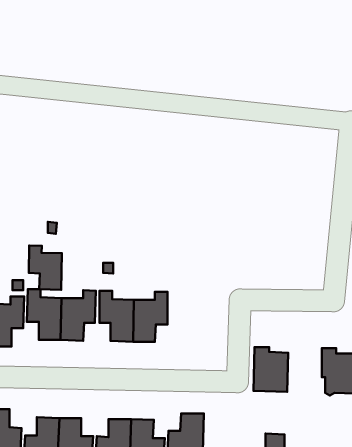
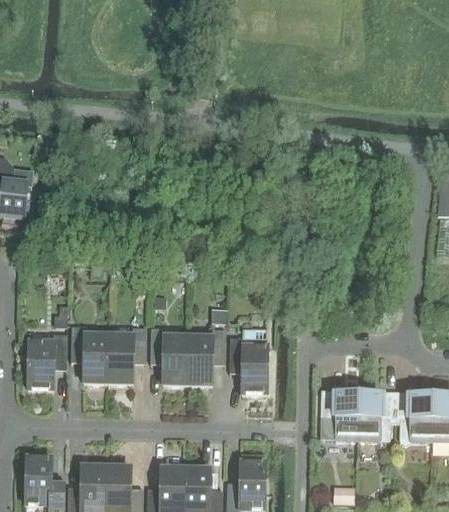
building: [29,245,62,290] -> none
building: none -> [229,328,267,394]
building: none -> [357,391,395,440]

